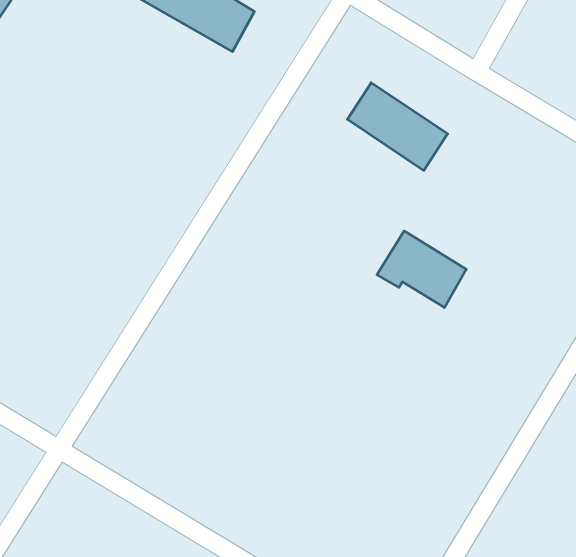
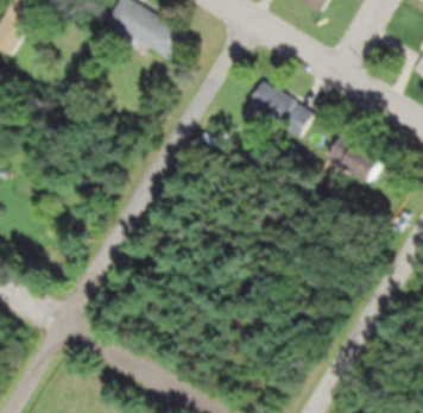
building: [377,231,466,308] -> [327,133,385,183]

